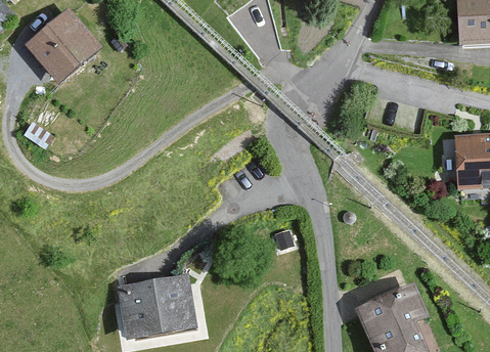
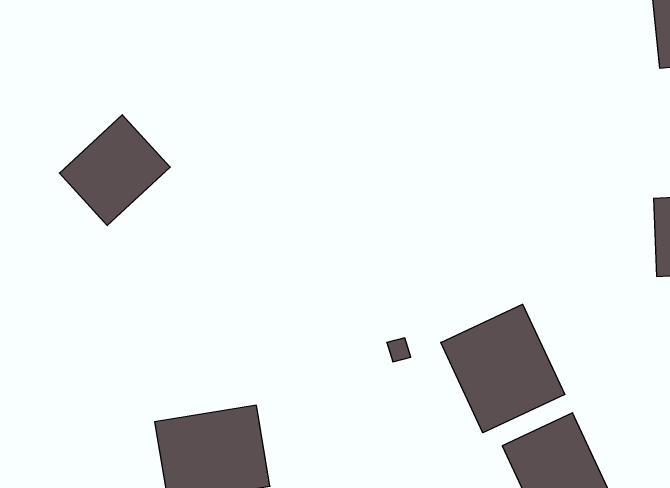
building: [23,7,98,83] -> [59,115,170,226]
building: none -> [441,304,565,433]

